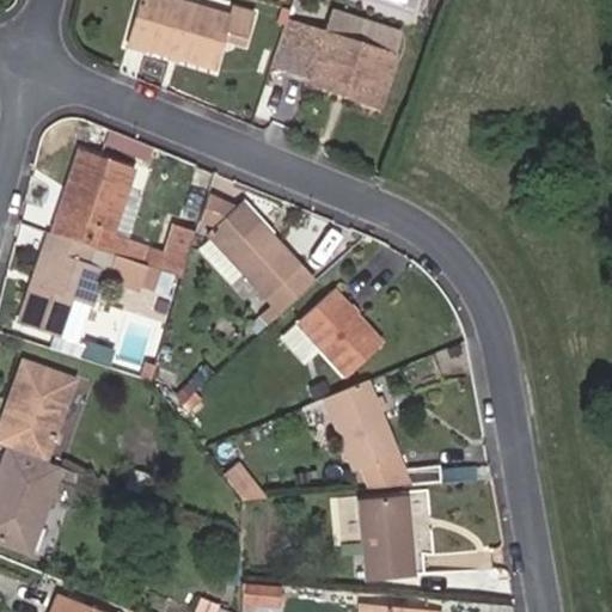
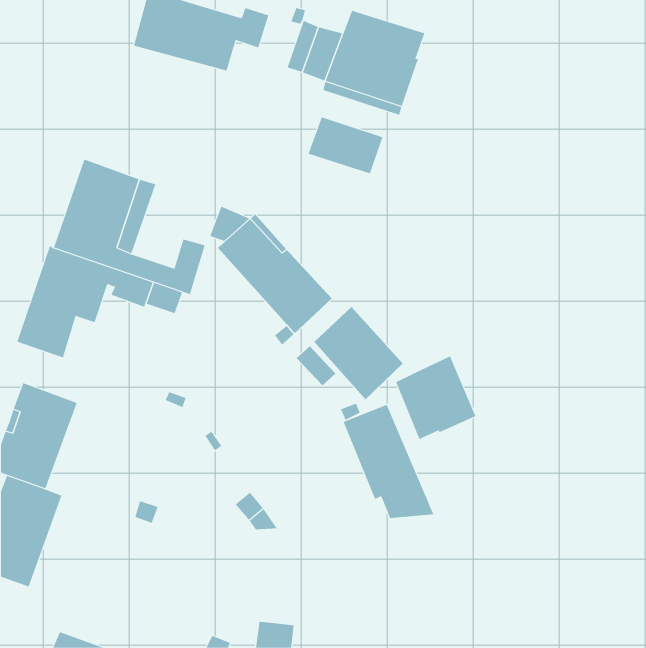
building: none -> [308,117,383,174]
building: none -> [396,356,476,440]
building: [359,496,415,579] -> none

